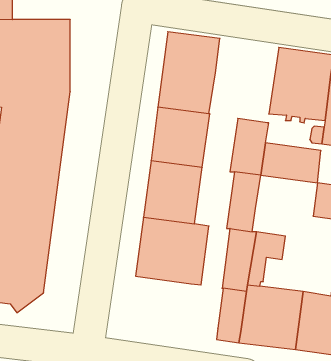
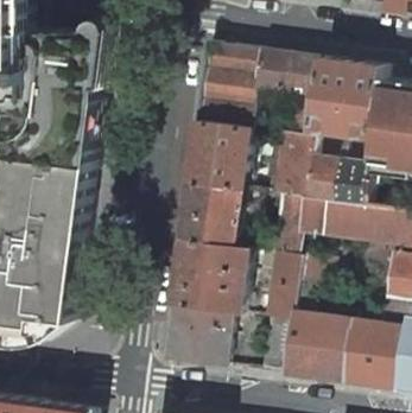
building: none -> [256,50,324,140]
building: none -> [299,196,366,240]
building: none -> [164,304,230,367]

